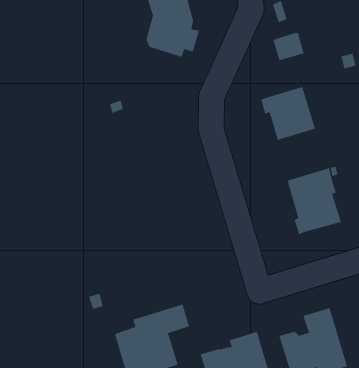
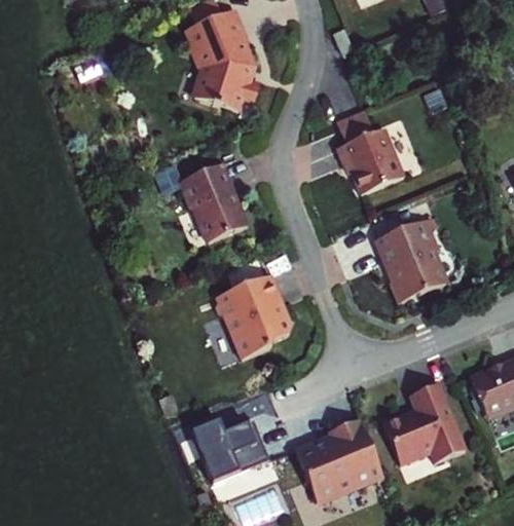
building: [273,32,304,61] -> [335,111,373,146]
building: none -> [181,160,247,239]
building: none -> [214,273,294,360]

